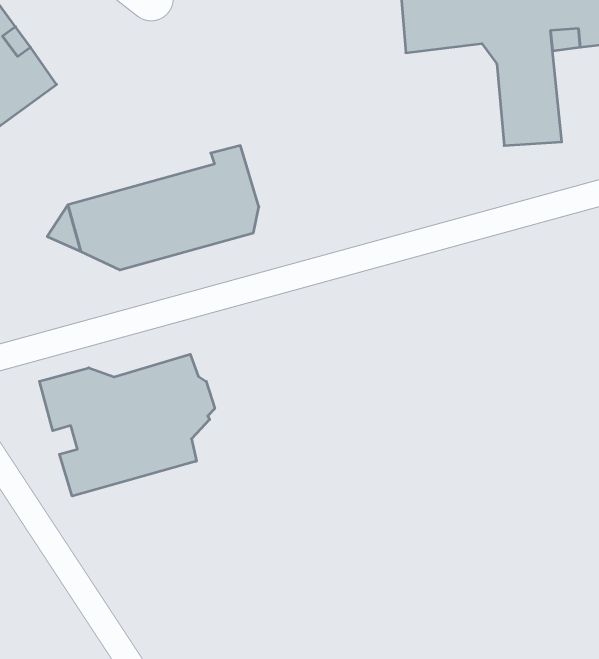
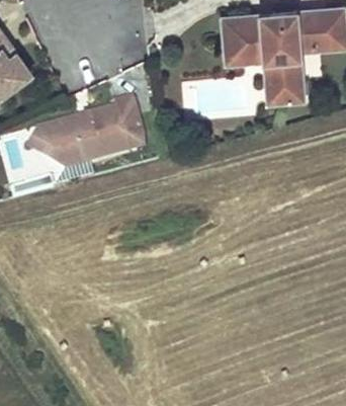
building: none -> [222,50,275,105]
building: [39,354,215,496] -> none

